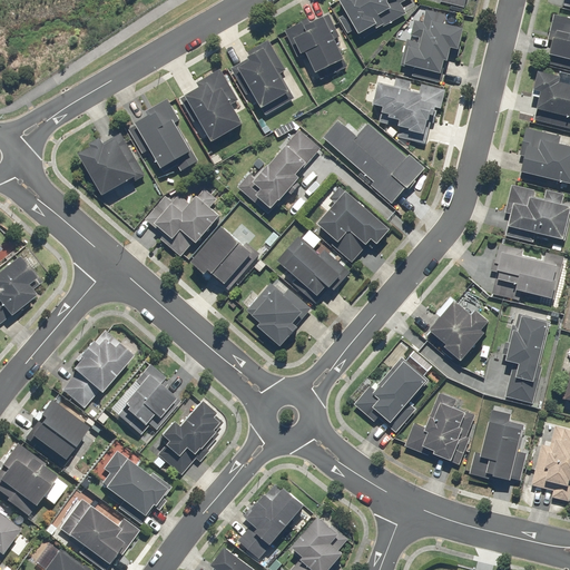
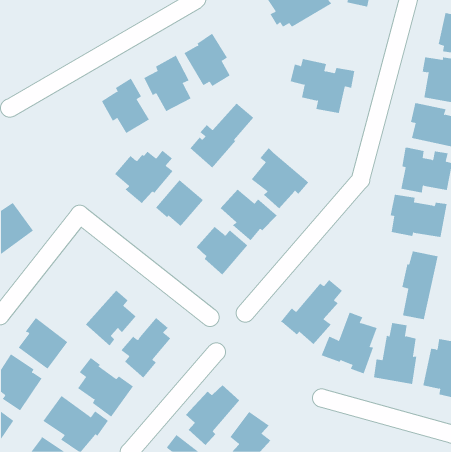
building: [401,9,462,82] -> none
building: [286,13,344,72] -> none
building: [324,120,426,204] -> none
building: [78,131,148,197] -> none
building: [425,298,491,362] -> none
building: [53,330,132,407] -> none

